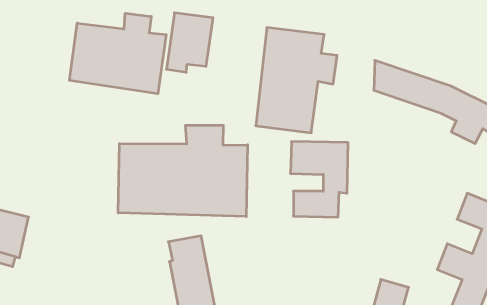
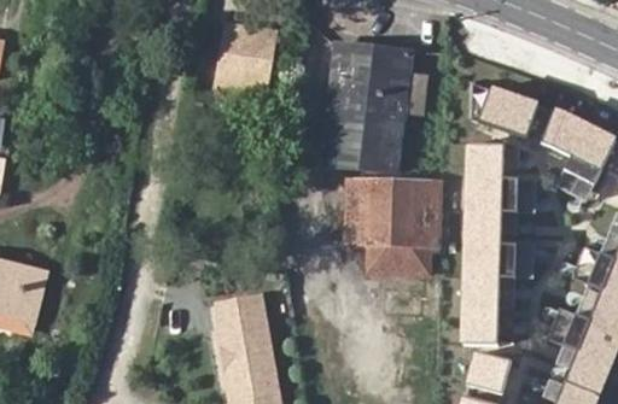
building: [69,13,166,94] -> none
building: none -> [464,145,518,347]
building: [118,125,248,217] -> none
building: none -> [348,182,408,244]

